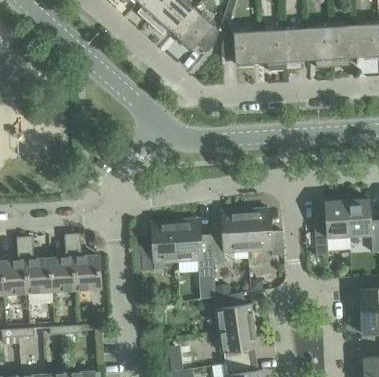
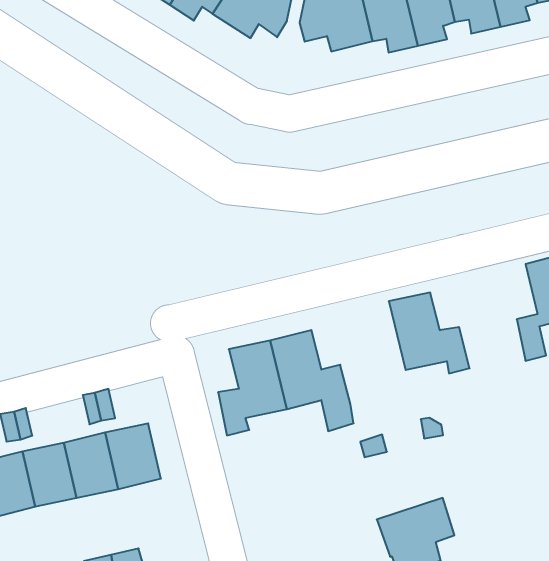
building: [211,210,248,264] -> none
building: [215,296,257,331] -> none

